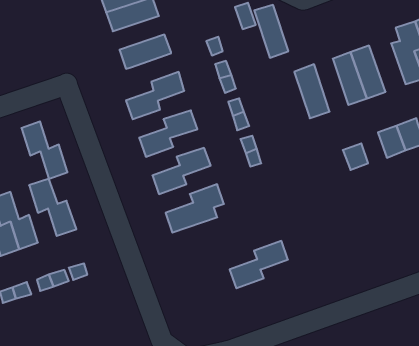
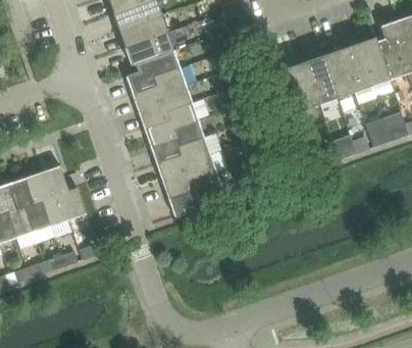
building: [254,5,288,58] -> [306,55,338,104]
building: none -> [119,15,167,47]
building: none -> [357,37,391,86]
building: none -> [125,50,181,94]
building: none -> [138,85,192,129]
building: [21,121,68,179] -> [24,172,67,226]
building: none -> [150,120,204,163]
building: [230,241,288,288] -> [162,154,216,198]

